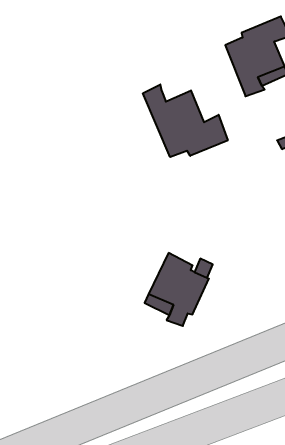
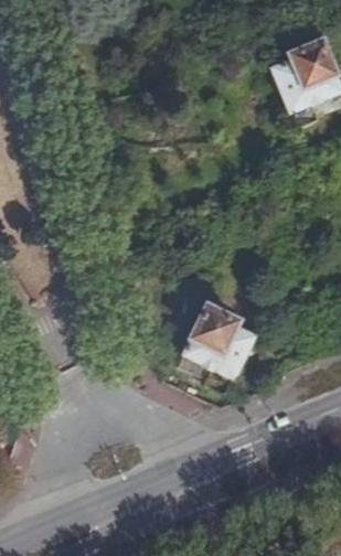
building: [143,84,228,157] -> none

